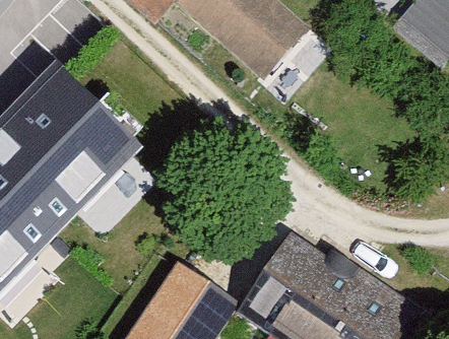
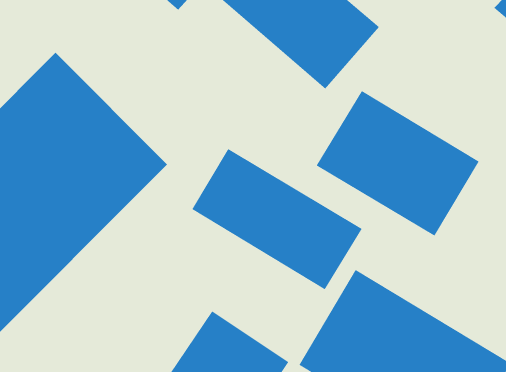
building: none -> [316,90,479,236]
building: none -> [191,148,363,290]

